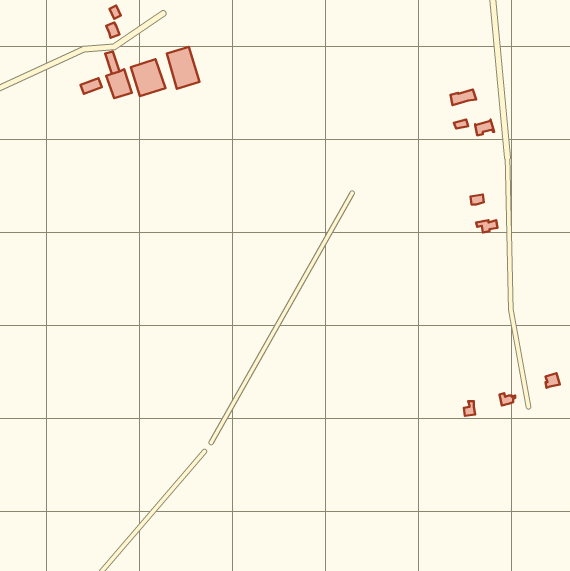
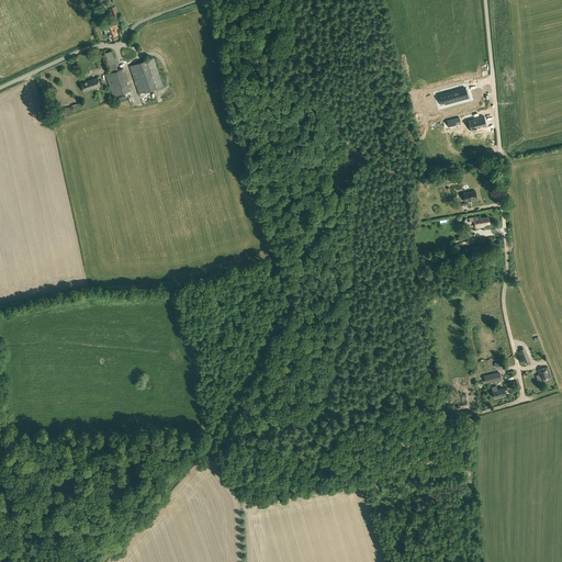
building: [167,47,199,89] -> none

